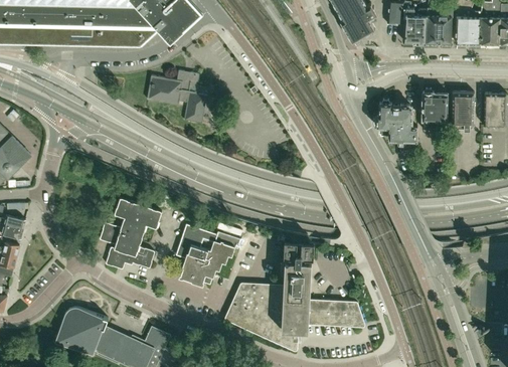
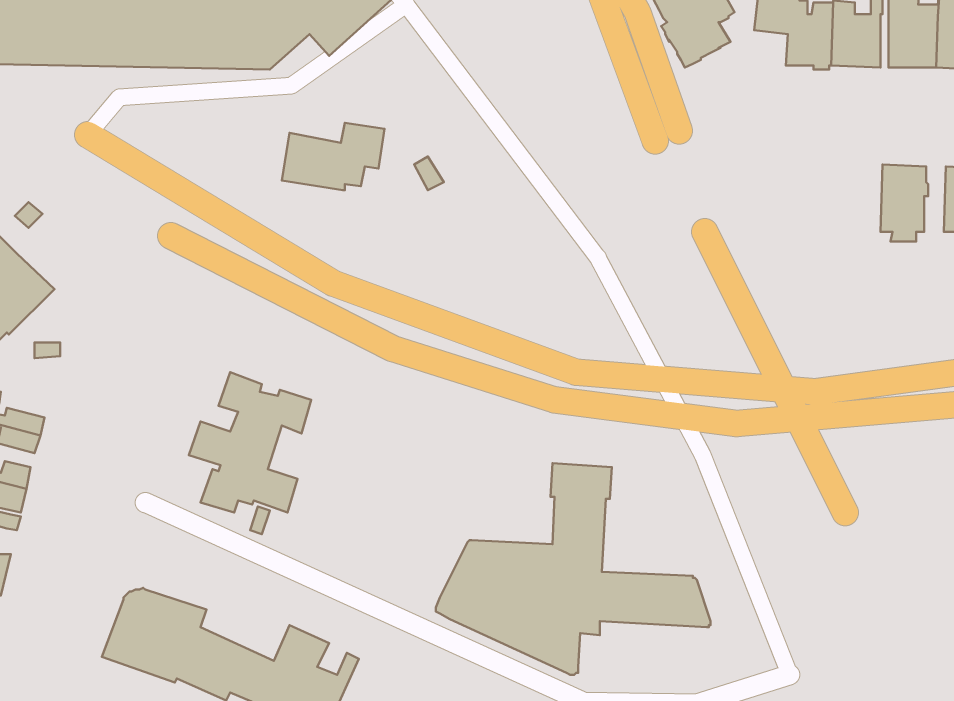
building: [421,88,448,130] -> none
building: [183,93,206,124] -> none
building: [371,99,416,140] -> none
building: [175,224,240,285] -> none

